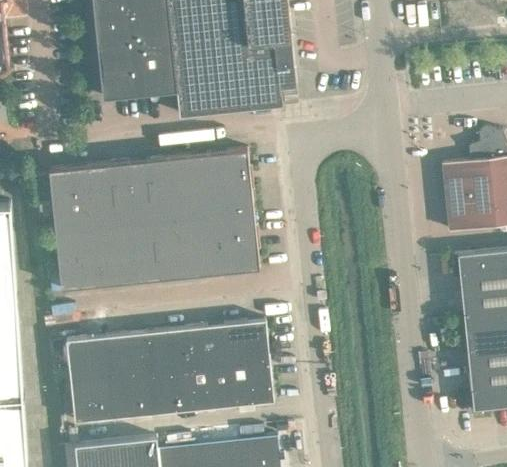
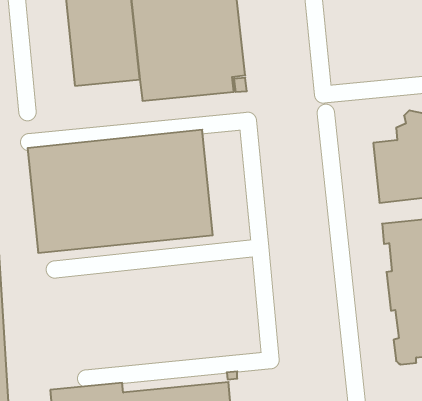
building: [66,320,273,422] -> none

